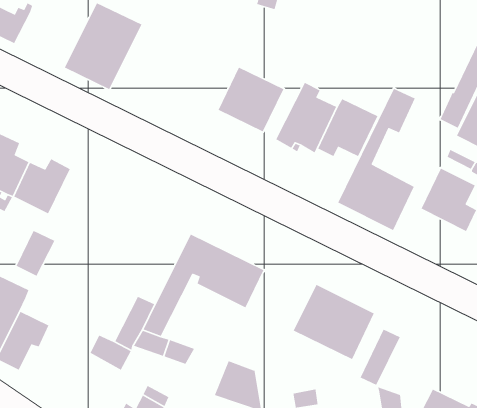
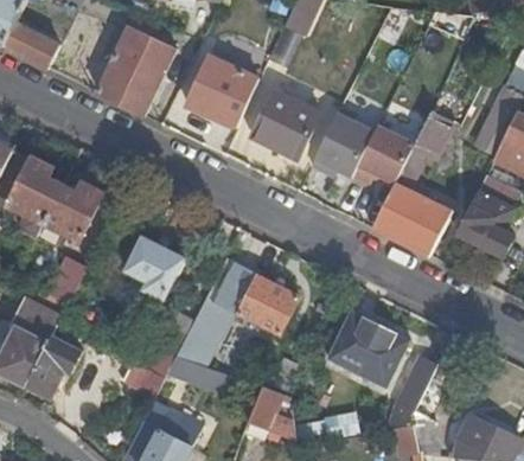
building: none -> [184,57,256,128]
building: none -> [123,237,185,301]

